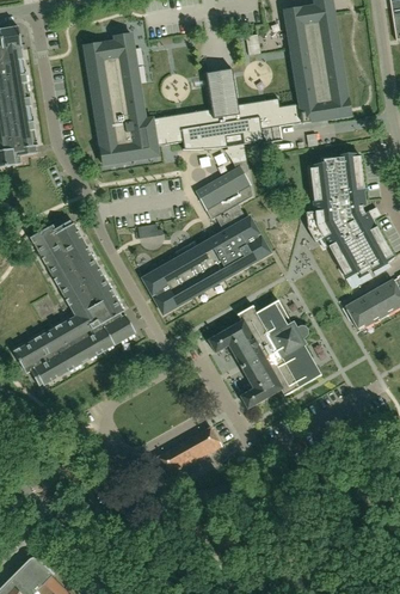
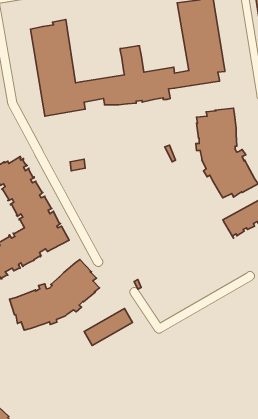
building: [142,142,270,313] -> none
building: [208,300,320,408] -> none
building: none -> [10,259,100,330]

